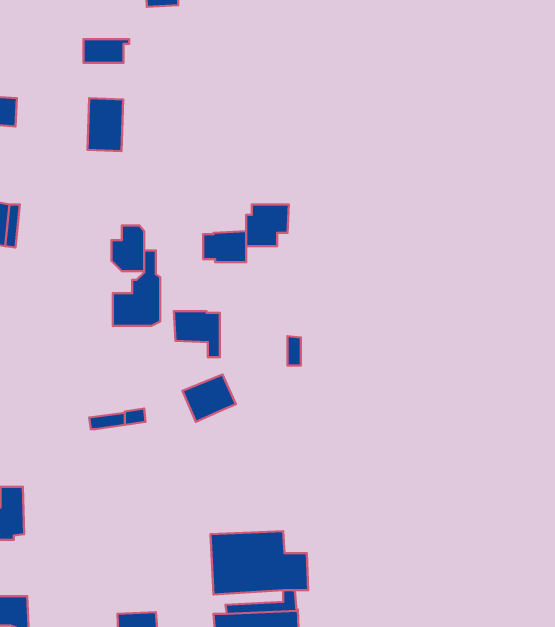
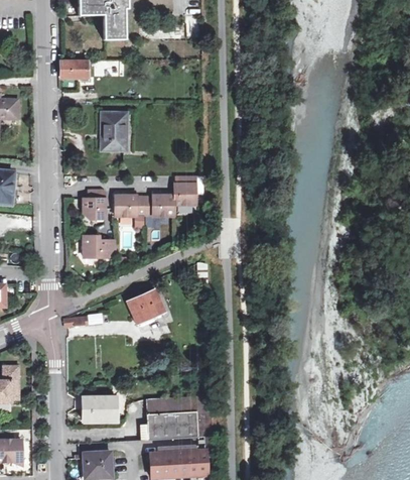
building: [88,98,123,151] -> [100,112,124,148]
building: [174,311,220,357] -> [111,194,142,225]
building: none -> [84,397,117,422]

